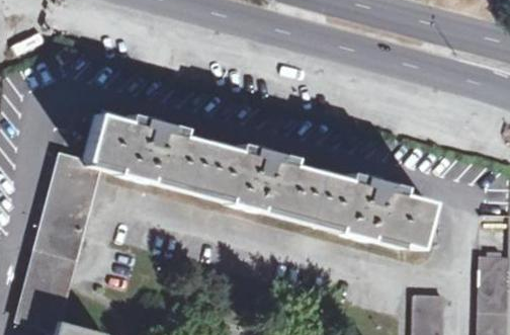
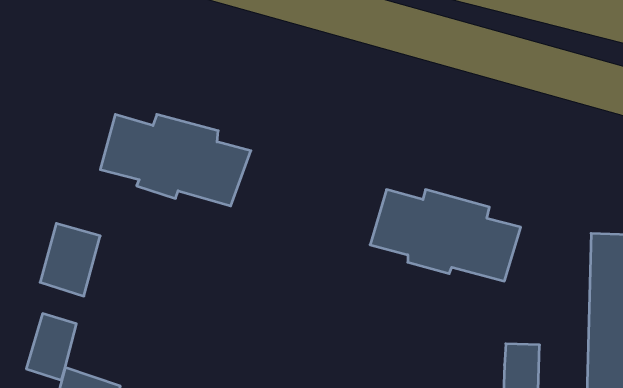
building: [192,143,318,219] -> none
building: [52,153,101,212] -> none
building: [19,249,74,319] -> none

